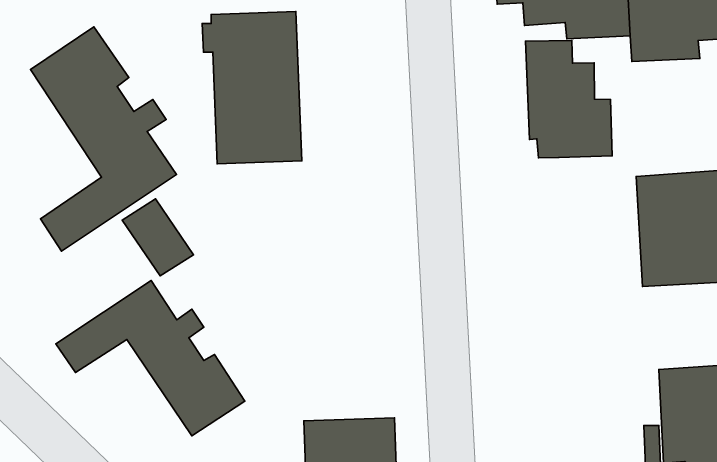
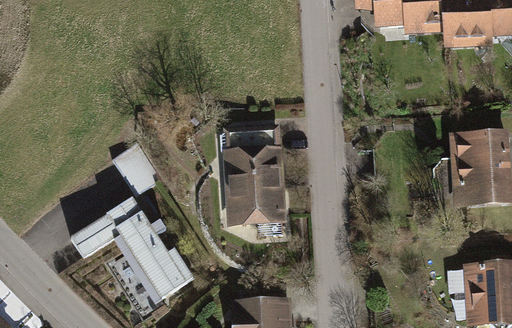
building: [202,11,302,164] -> [219,124,285,225]
building: [30,27,177,251] -> none
building: [526,40,612,158] -> none

